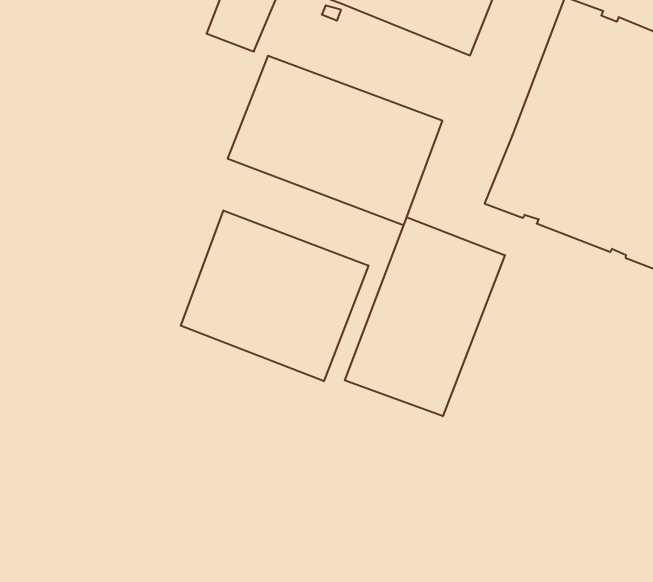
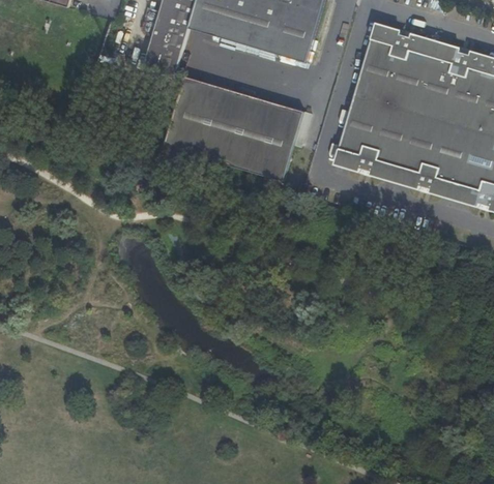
building: [181,210,368,381] -> none
building: [345,217,505,416] -> none

